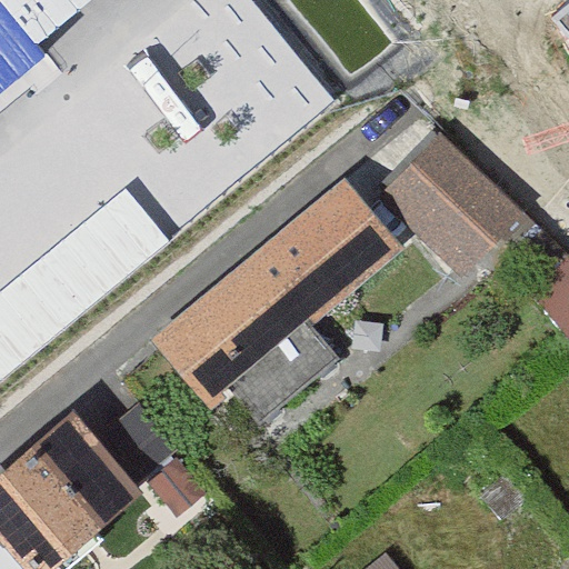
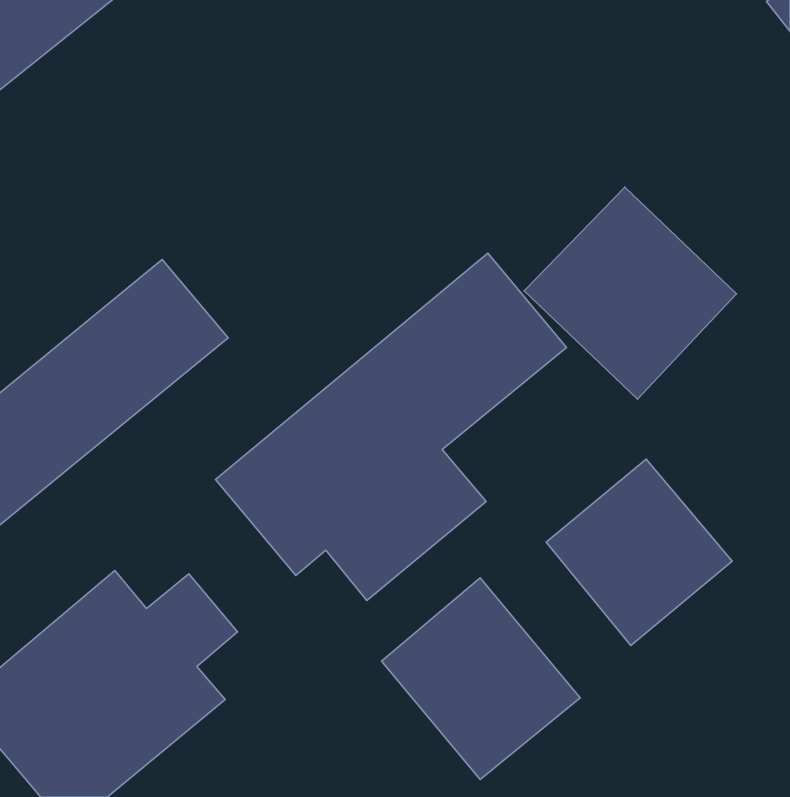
building: none -> [546,459,732,646]
building: none -> [381,578,580,779]

